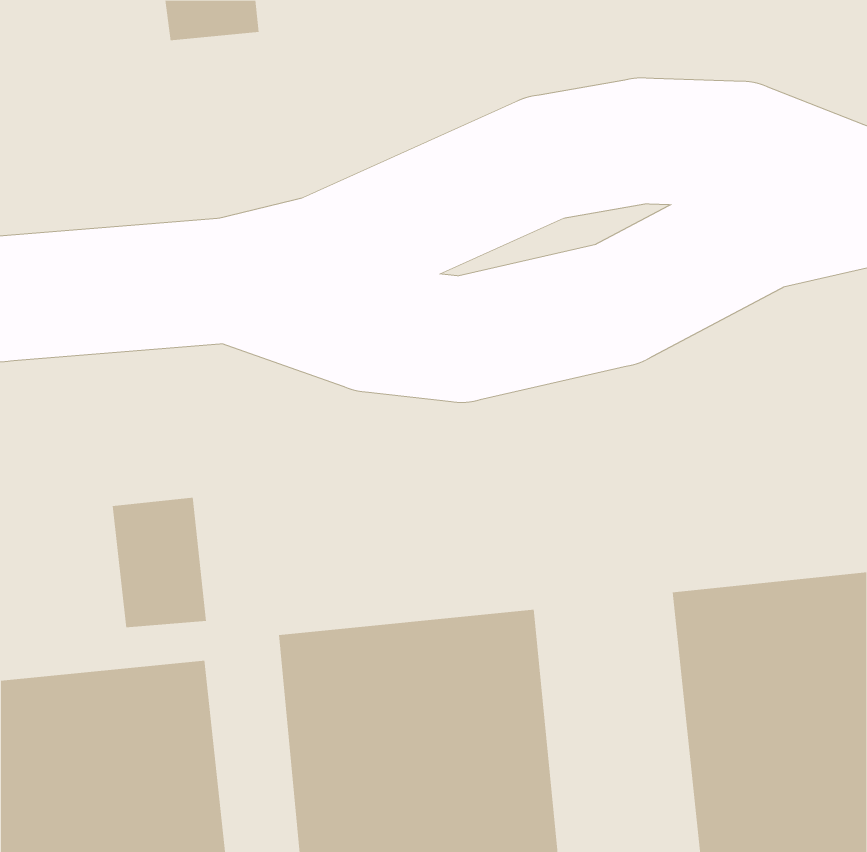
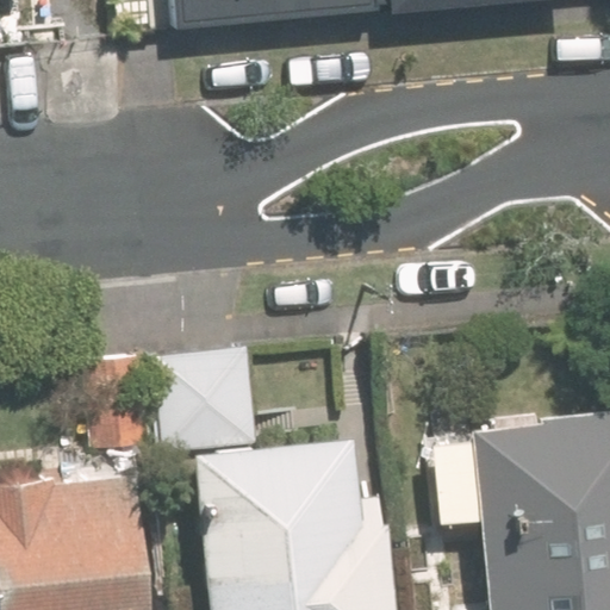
building: none -> [160,353,251,455]

